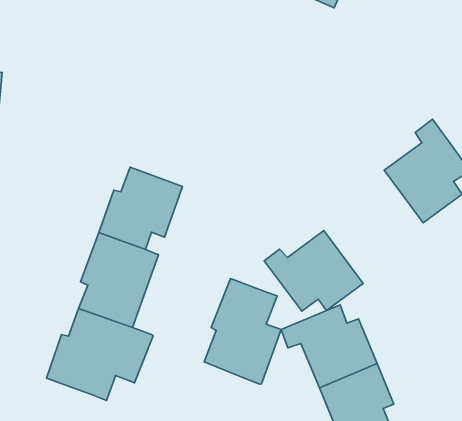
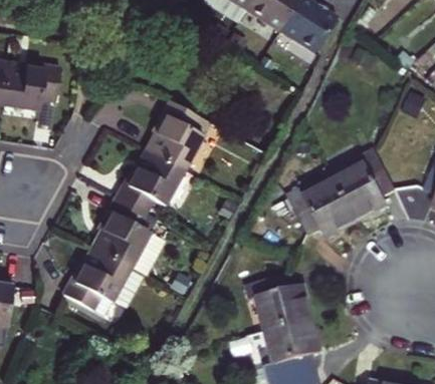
building: none -> [148,97,204,169]
building: [264,231,363,311] -> [285,177,355,236]
building: [204,278,281,384] -> none

